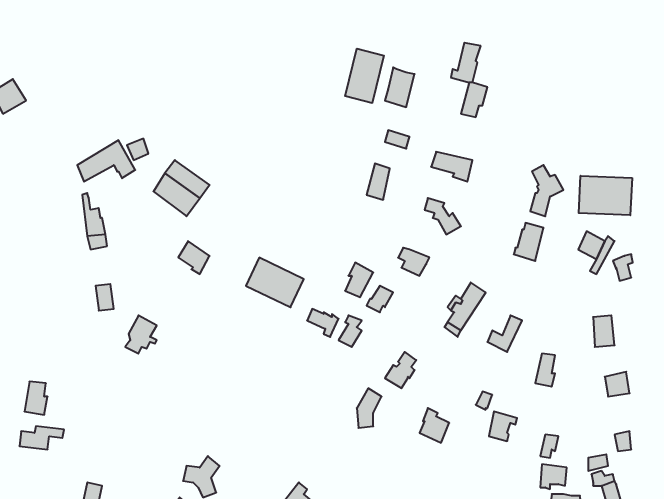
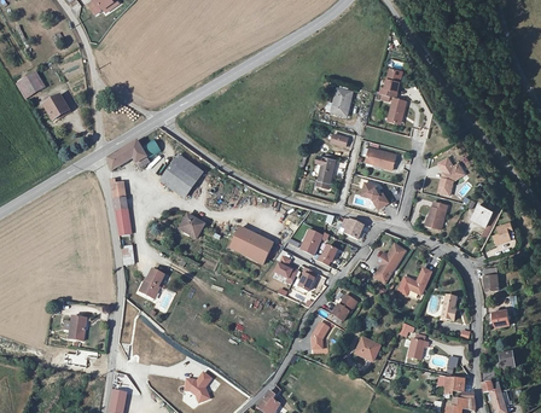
building: [345,49,384,103] -> none
building: [579,176,632,215] -> none

